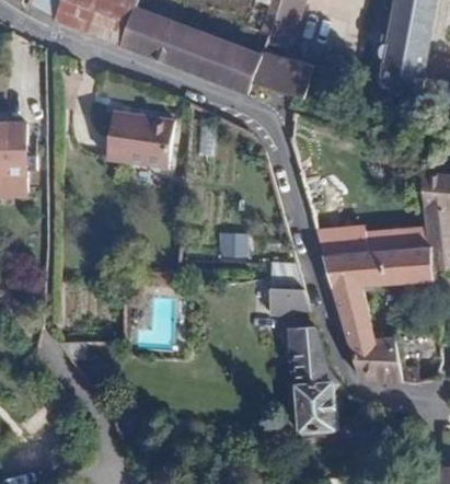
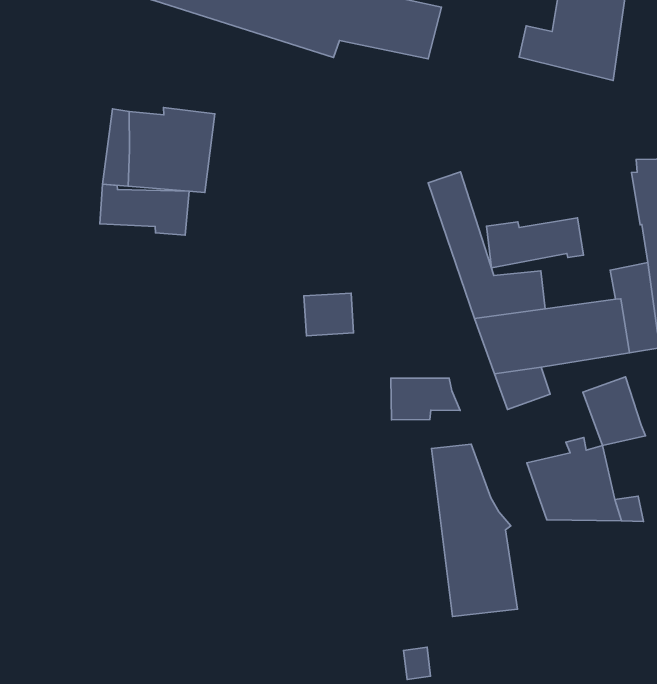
building: none -> [100,184,189,235]
building: none -> [486,218,584,268]
building: [338,302,374,343] -> [583,377,646,446]

